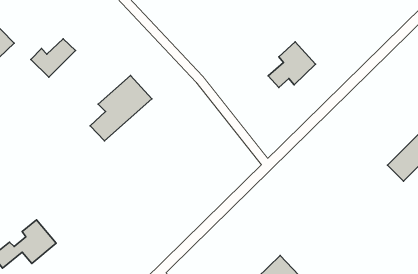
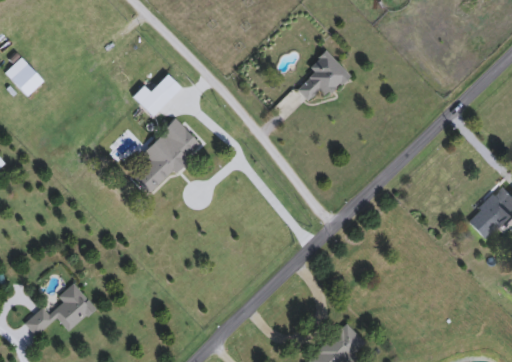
building: [31,39,76,77] -> [132,74,182,117]
building: [268,42,316,87] -> [296,50,349,101]

